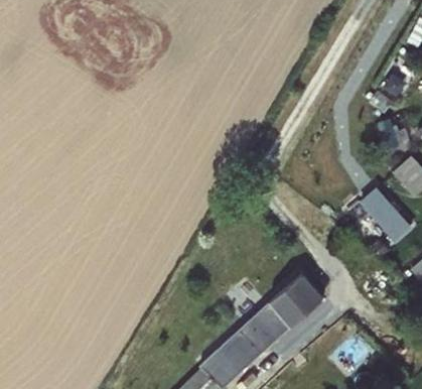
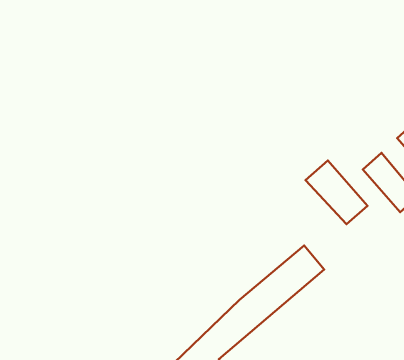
building: none -> [305,161,368,224]

